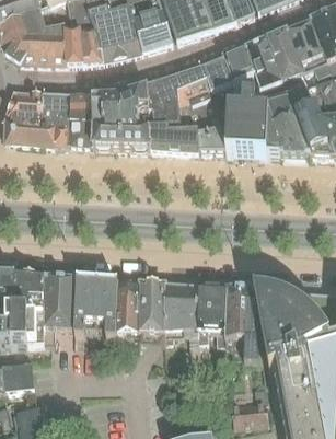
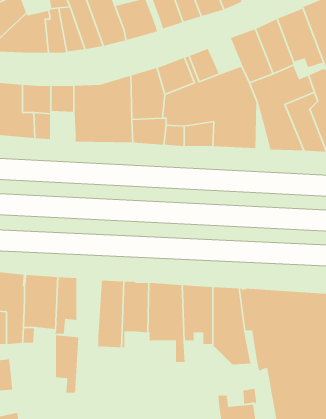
building: [221,47,253,82] -> none
building: [70,118,93,148] -> none
building: [95,278,118,335] -> [55,334,79,394]

